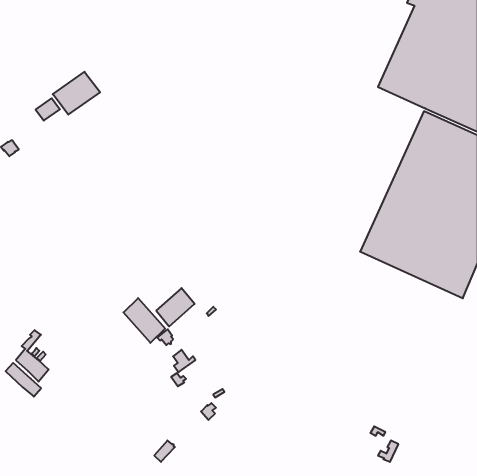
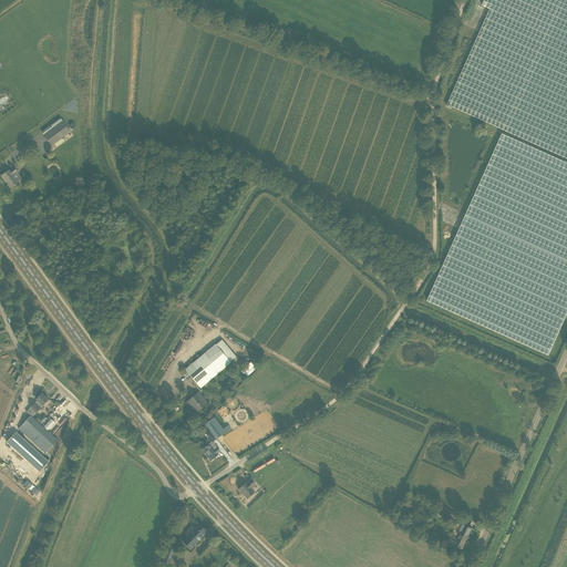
building: [53,72,100,115] -> none
building: [123,298,165,343] -> none

